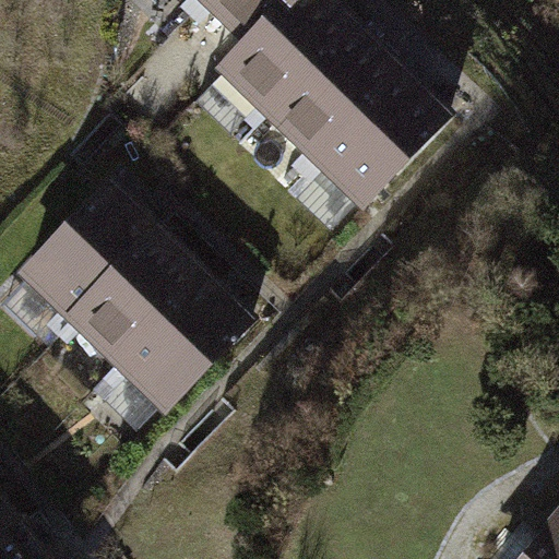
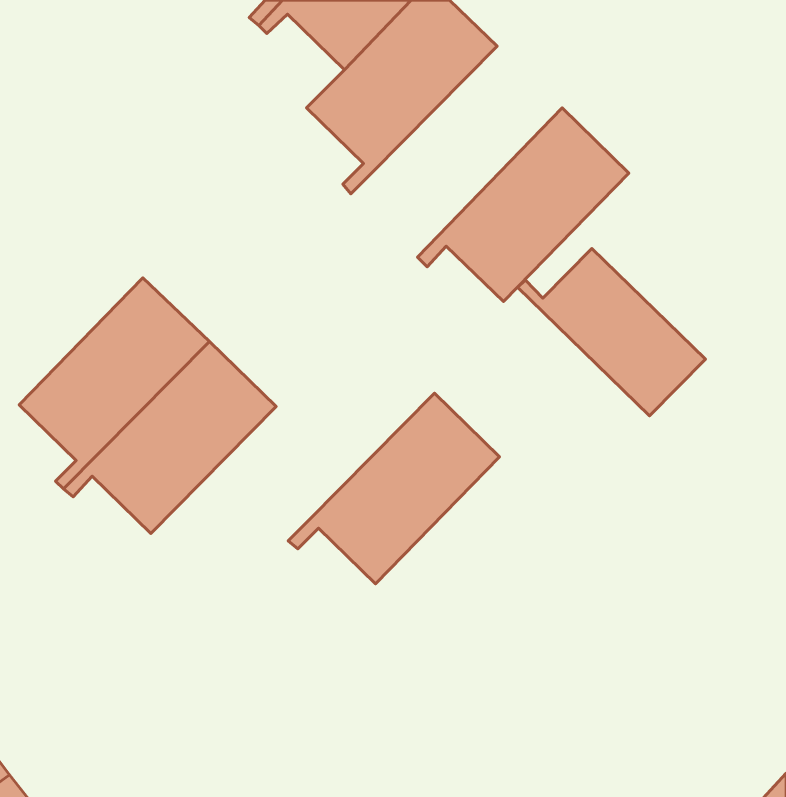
building: [255,41,386,187] -> none
building: none -> [517,249,705,416]
building: [90,289,235,420] -> [288,393,500,584]

